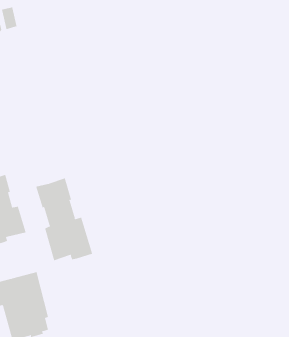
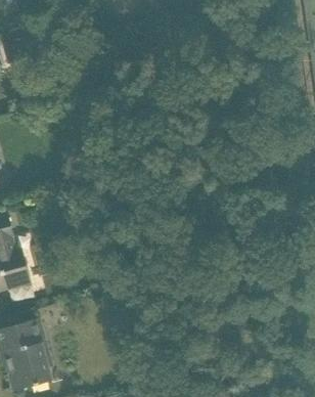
building: [36,178,93,261] -> none

